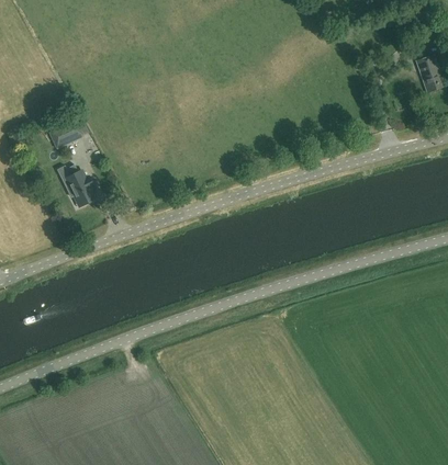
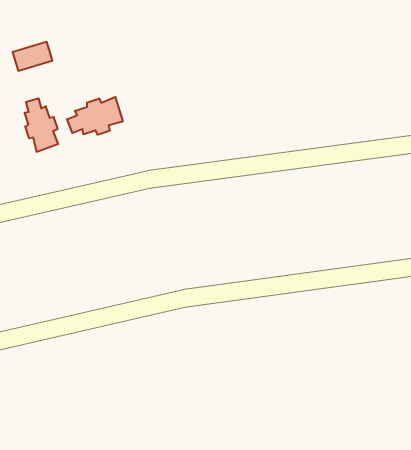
building: none -> [67,97,123,135]

